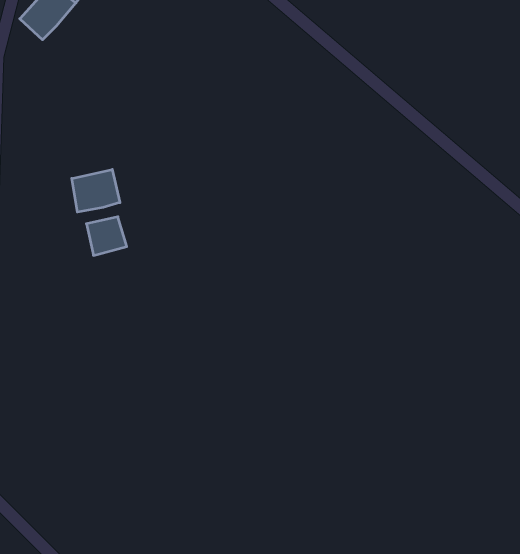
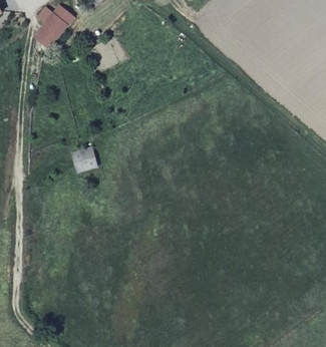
building: [72,169,120,212] -> none

